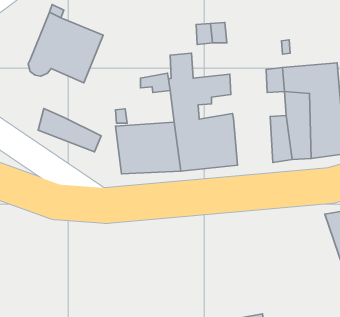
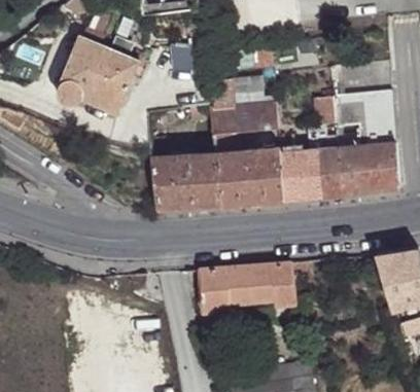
building: [38,109,101,152] -> none
building: none -> [279,149,321,202]
building: none -> [200,263,295,314]

